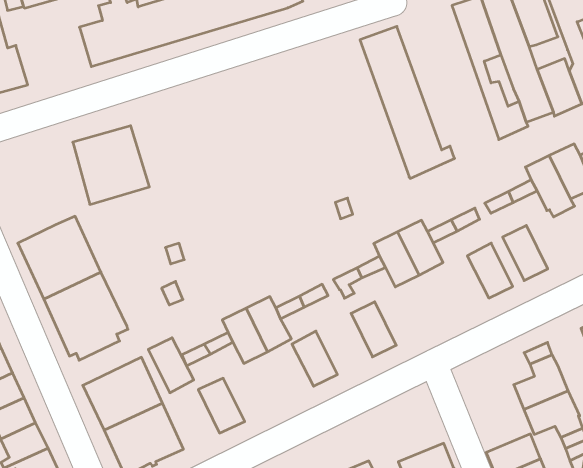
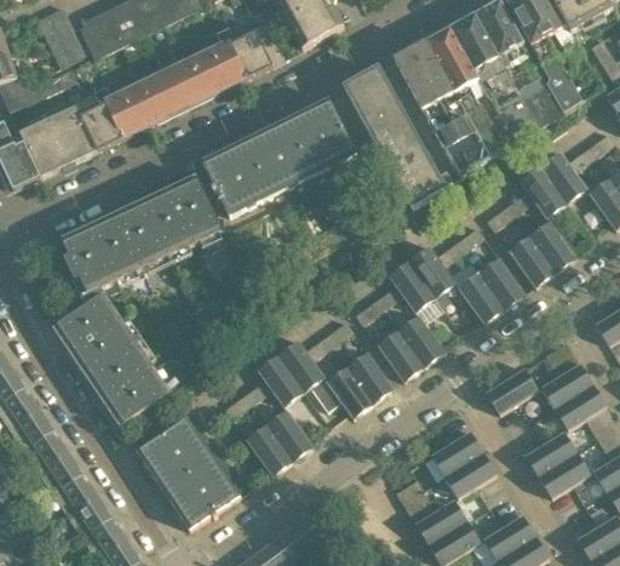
building: none -> [392,39,489,182]
building: none -> [18,105,96,177]
building: none -> [201,97,355,215]
building: none -> [142,175,220,255]
building: none -> [48,224,119,304]
building: none -> [528,219,575,271]
building: none -> [457,271,504,324]
building: none -> [397,314,444,366]
building: none -> [346,350,394,402]
building: [148,338,194,393] -> [266,408,314,461]
building: none -> [484,366,538,413]
building: none -> [430,429,483,475]

